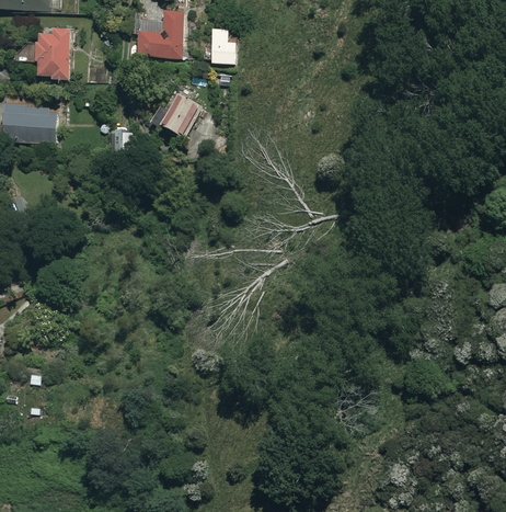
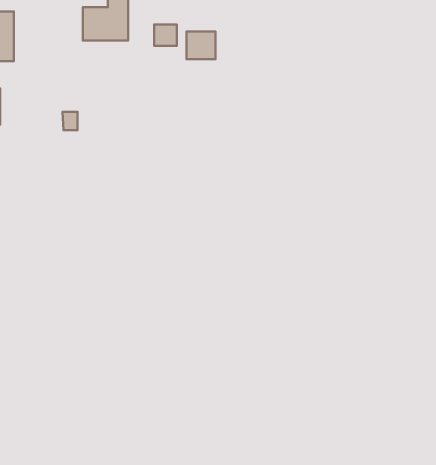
building: none -> [186,32,216,59]
building: [151,90,199,138] -> none

